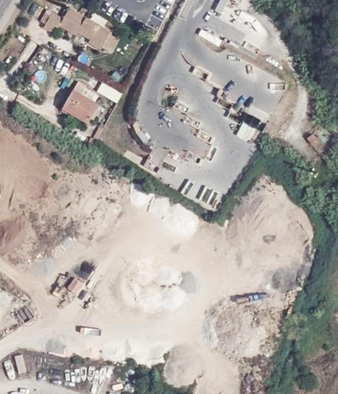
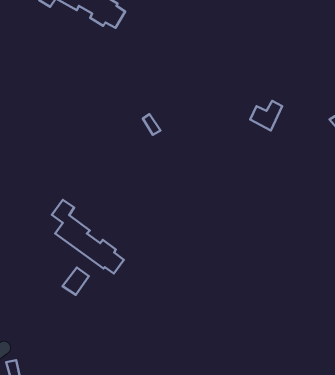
building: [60,83,99,126] -> none
building: none -> [52,200,124,273]

